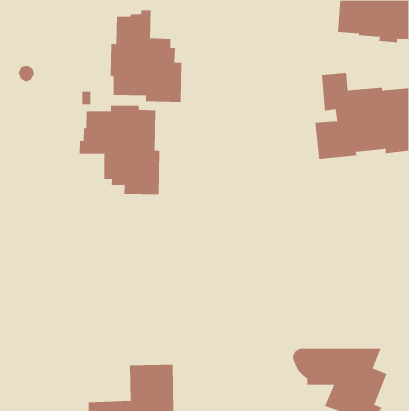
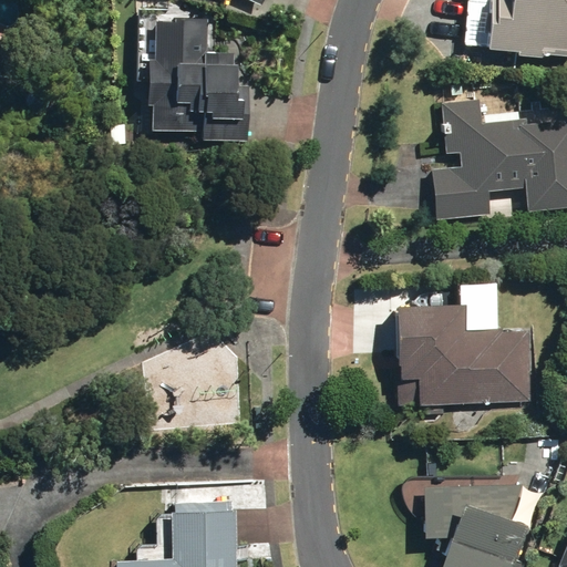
building: [79,105,160,195] -> none
building: none -> [395,297,528,402]

